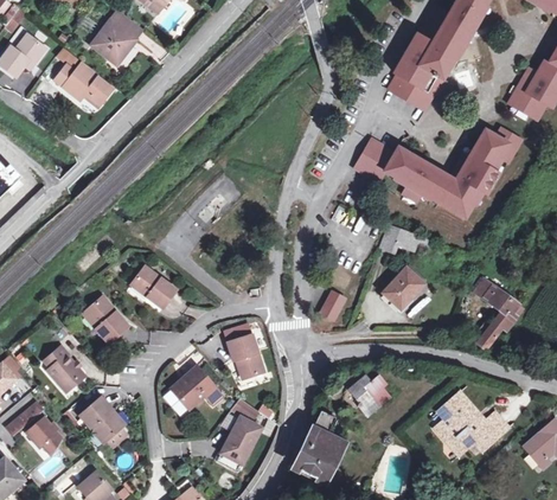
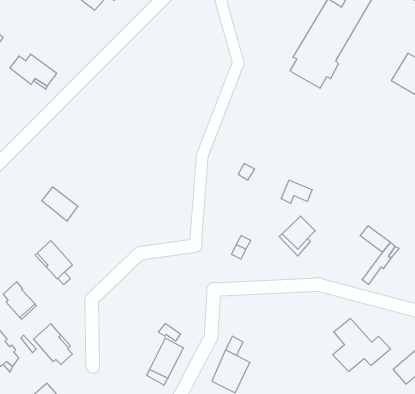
building: [85,12,135,66] -> none
building: [358,132,526,222] -> none
building: [130,264,174,306] -> [42,187,78,221]
building: [226,332,264,376] -> none
building: [171,365,222,406] -> none
building: [348,373,389,414] -> none

